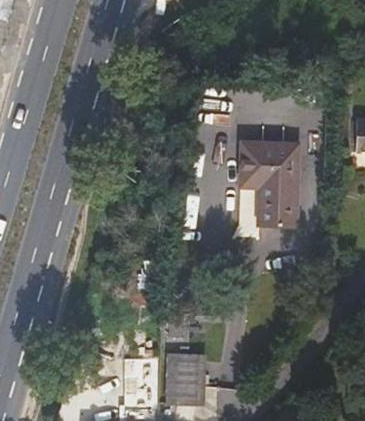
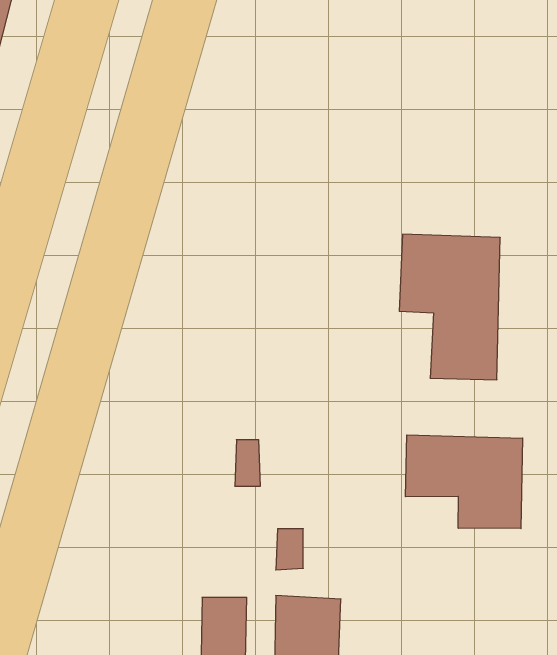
building: none -> [405,435,523,529]

